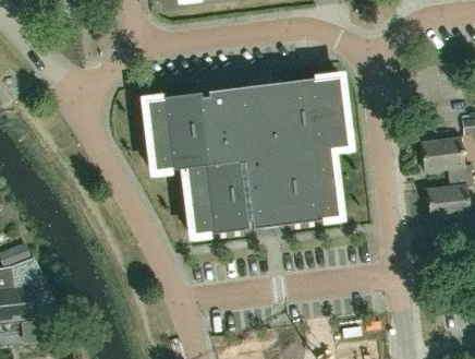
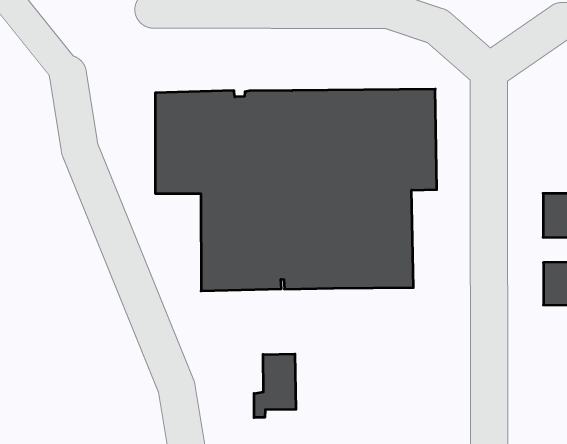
building: none -> [254,354,296,418]

